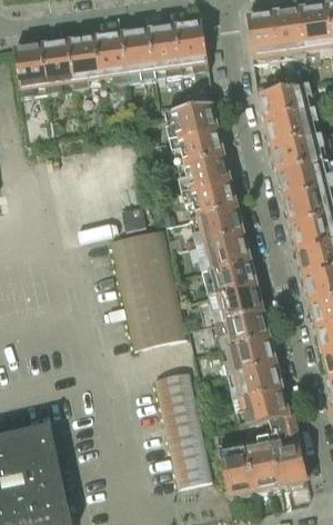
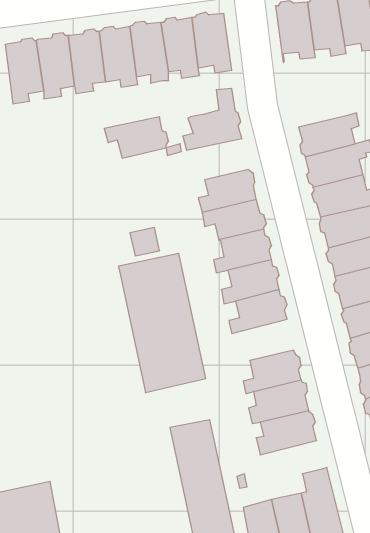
building: [258,81,312,120] -> none
building: [169,130,224,166] -> [104,117,169,158]
building: [211,286,261,324] -> none
building: [233,390,286,426] -> none

